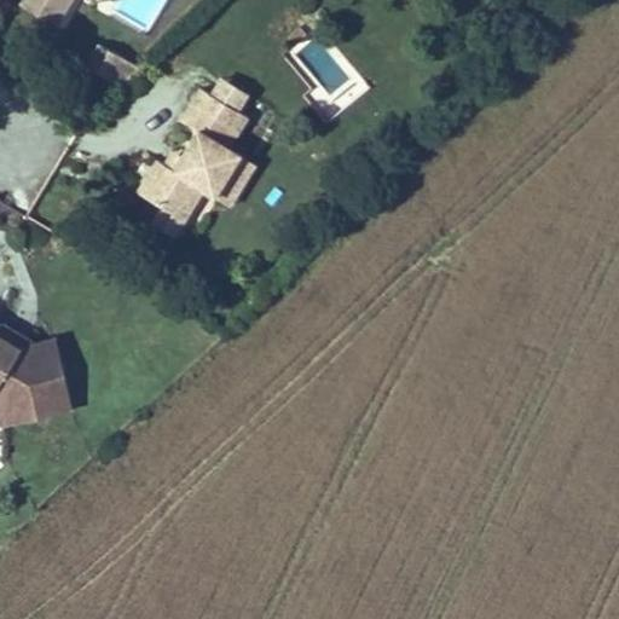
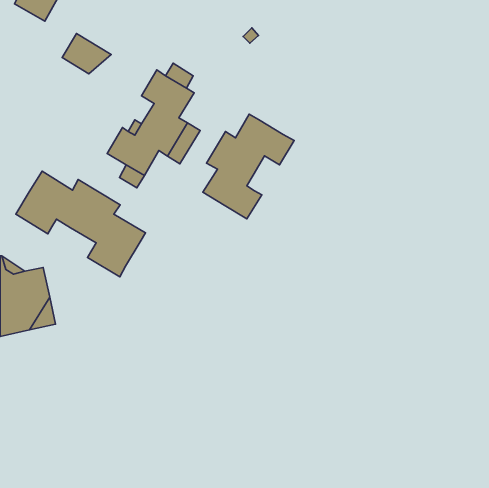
building: none -> [203,114,294,219]
building: none -> [16,171,145,277]

